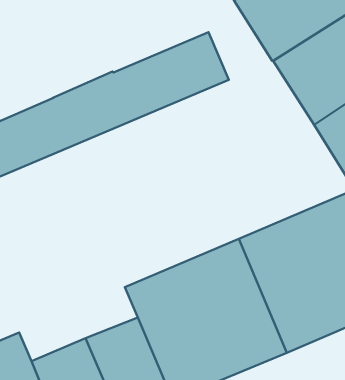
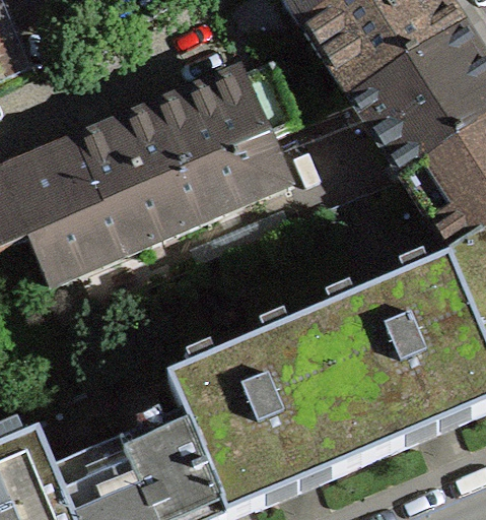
building: none -> [29,128,290,280]

